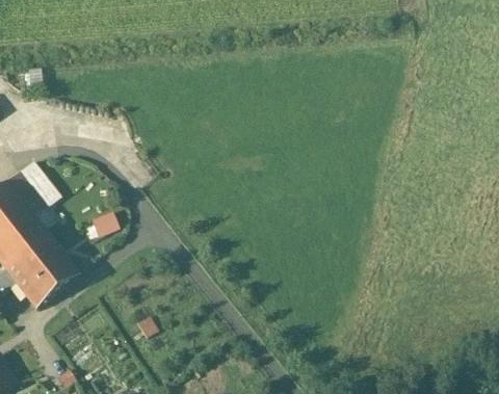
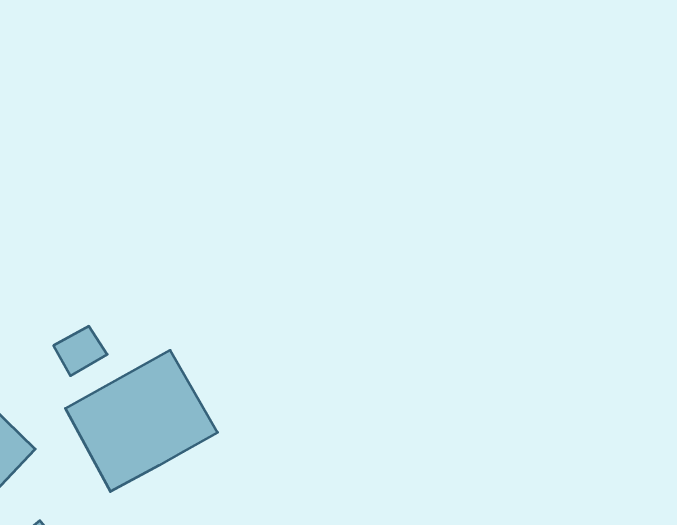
building: none -> [65,350,218,492]

